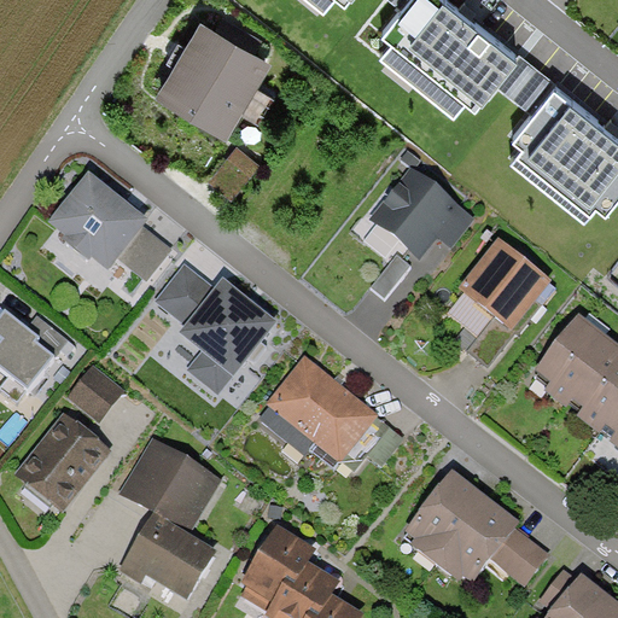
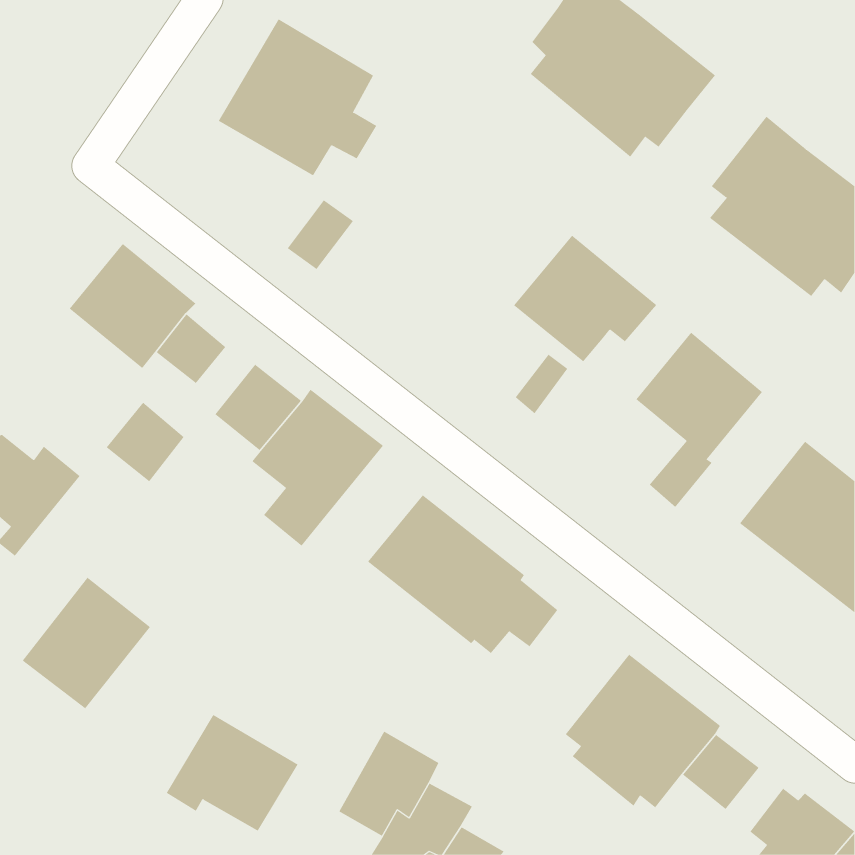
building: [495,49,555,110] -> none
building: [66,366,123,424] -> [106,402,185,482]
building: [122,438,222,534] -> none

